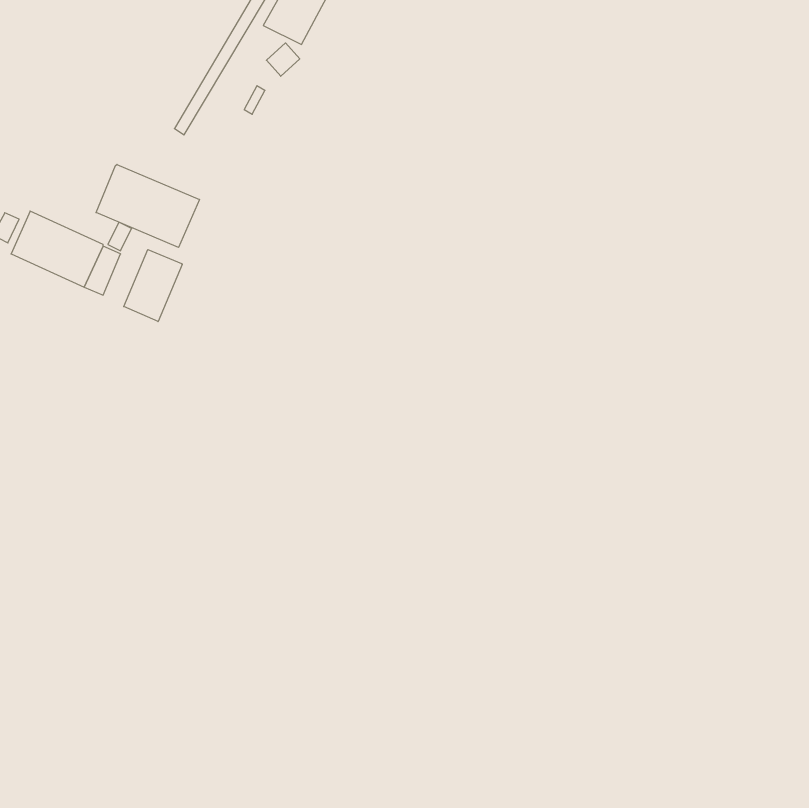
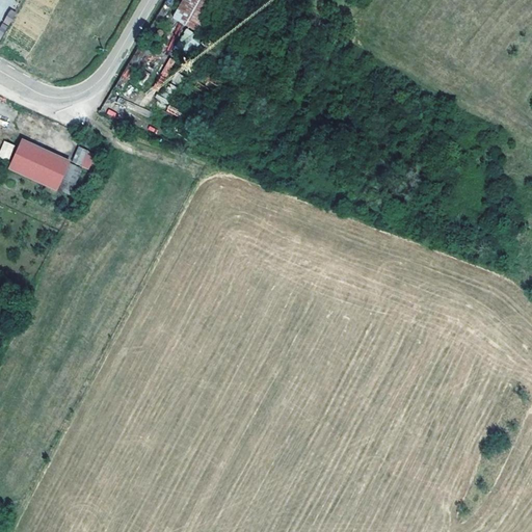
building: [96,164,199,247] -> none
building: [124,250,182,322] -> none

